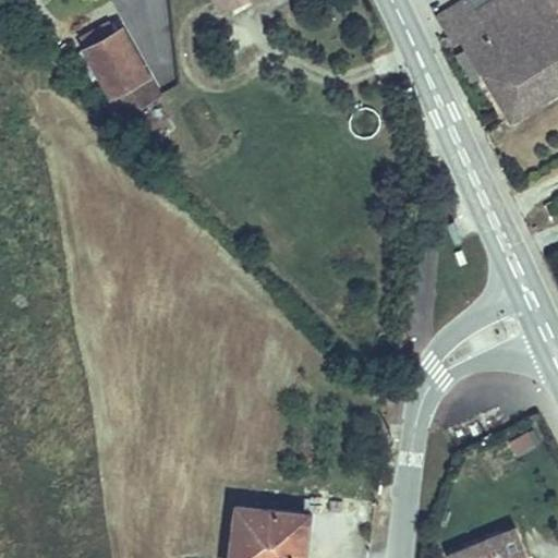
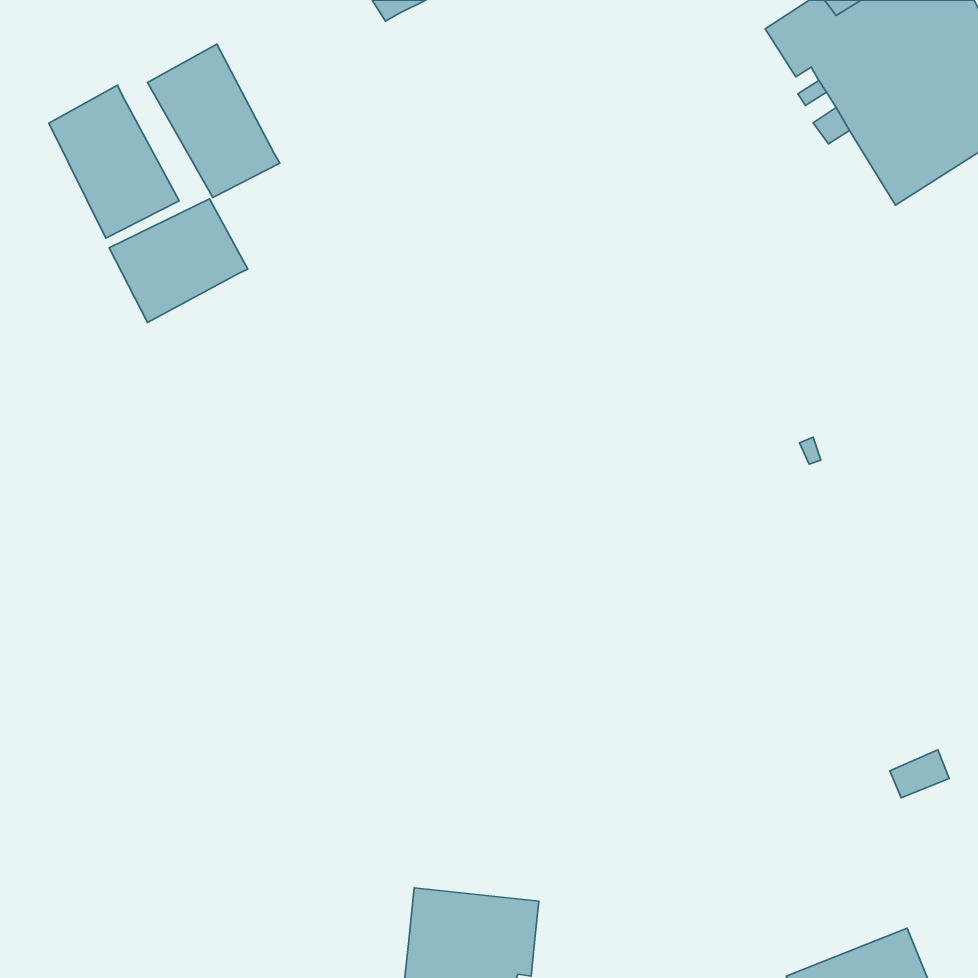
building: none -> [49,85,179,238]
building: none -> [109,199,248,323]

